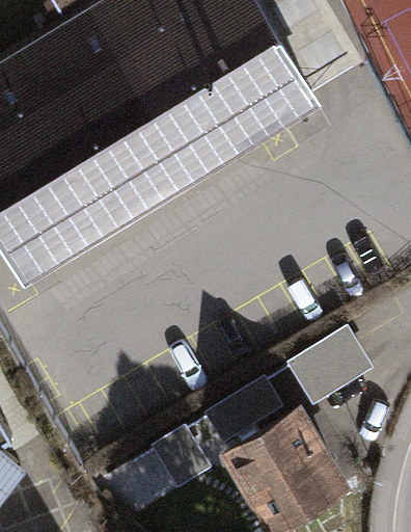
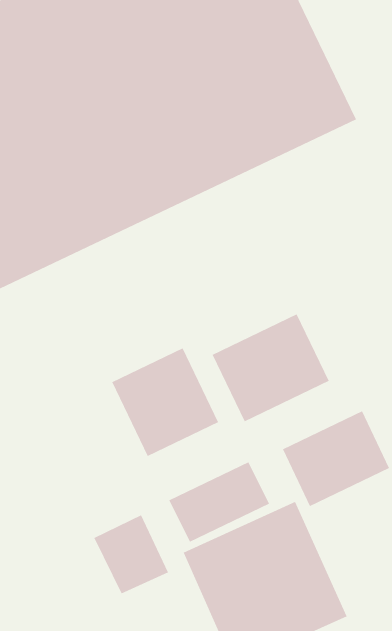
building: none -> [212,314,330,422]
building: none -> [112,348,219,457]

